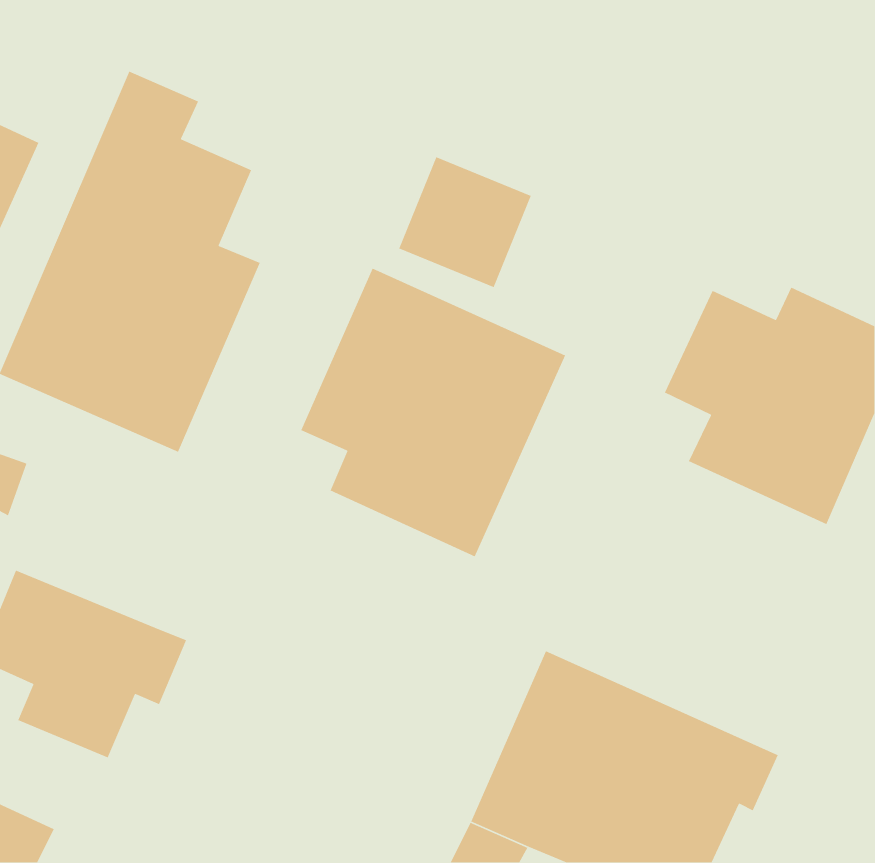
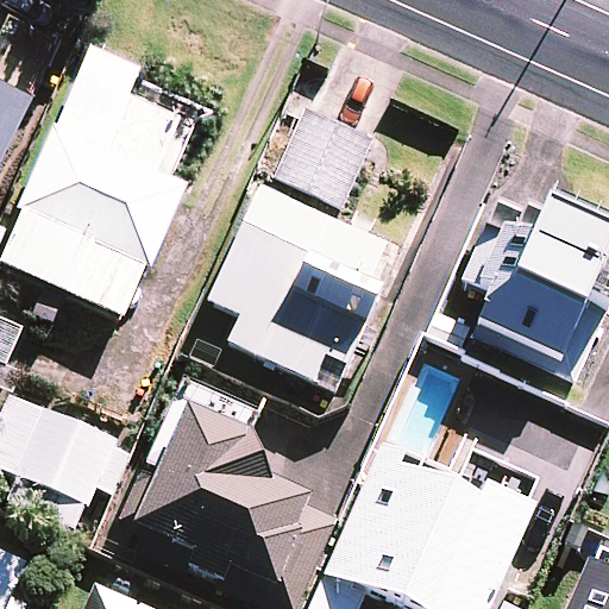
building: none -> [121,400,309,588]

